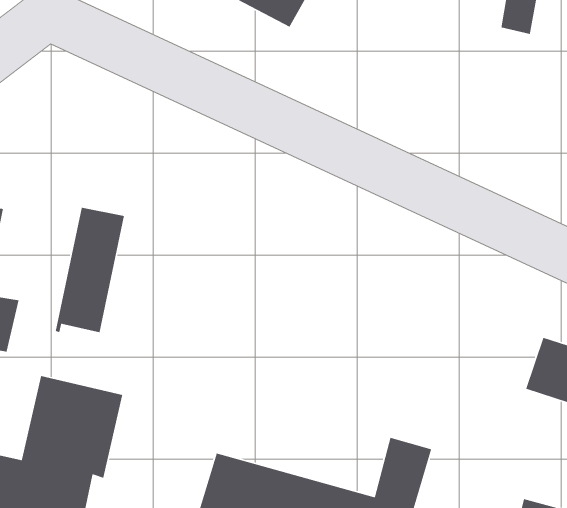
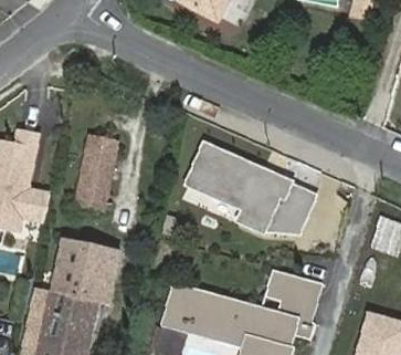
building: none -> [186,142,319,237]

